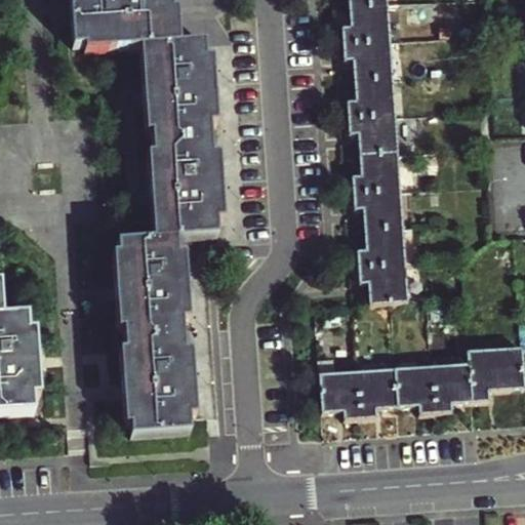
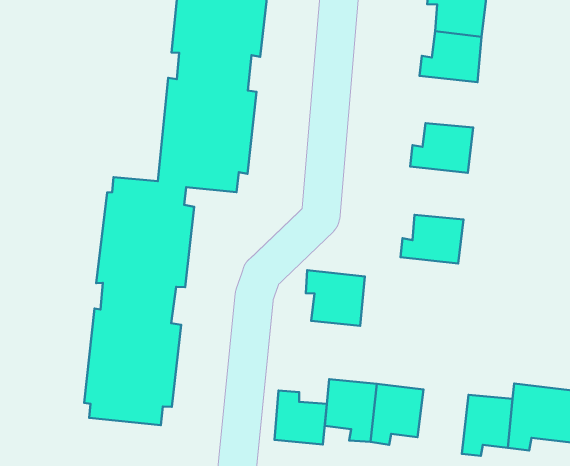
building: [349,112,399,152] -> none
building: [354,186,404,227] -> none
building: [359,259,409,302] -> [306,270,365,326]
building: [396,363,436,412] -> none
building: none -> [275,390,327,445]

